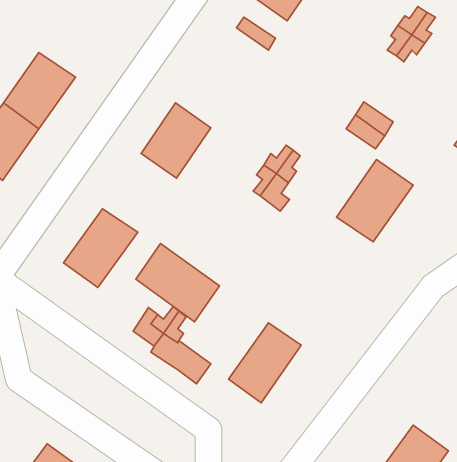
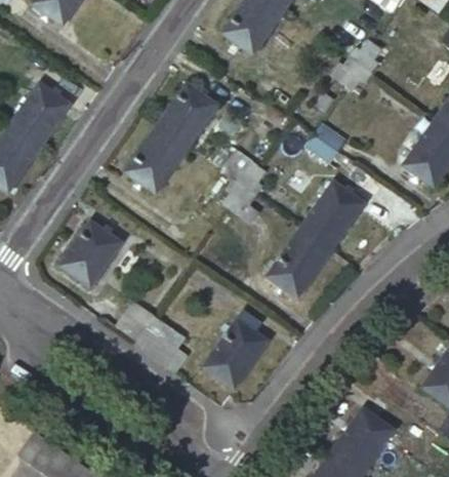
building: none -> [157,85,218,150]
building: none -> [266,228,329,295]
building: [136,243,220,322] -> none

